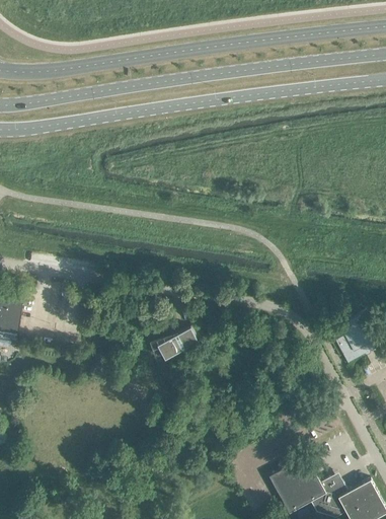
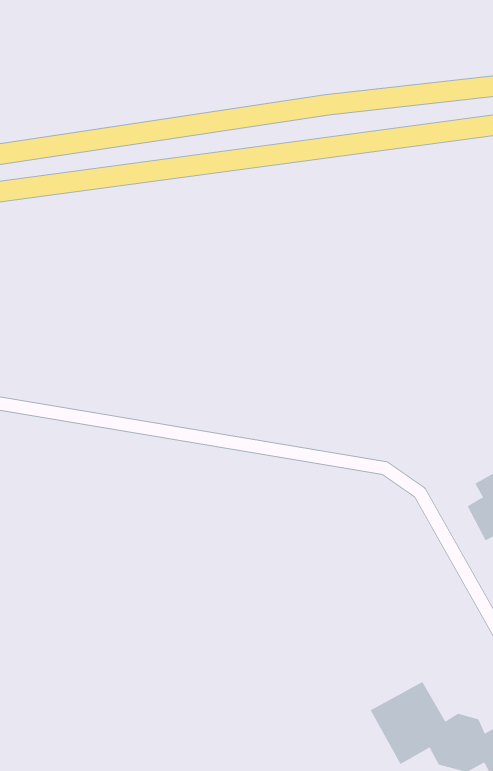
building: [156,326,198,359] -> none

